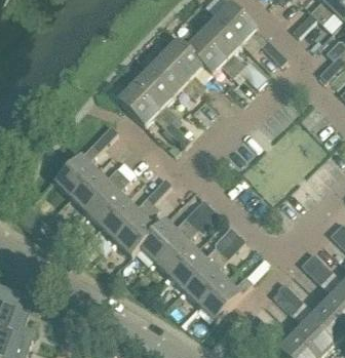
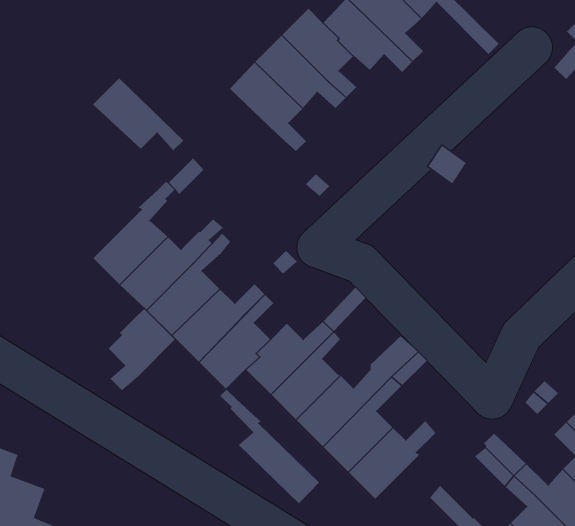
building: [118,85,170,127] -> [92,77,184,151]
building: none -> [108,308,176,391]
building: none -> [220,389,320,504]

